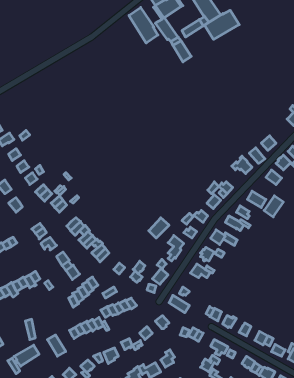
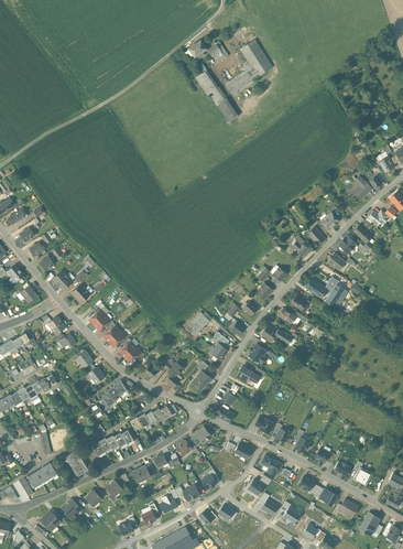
building: [129,7,158,43] -> none
building: [204,10,239,39] -> none

